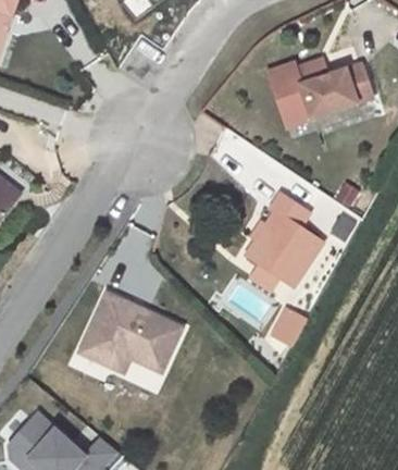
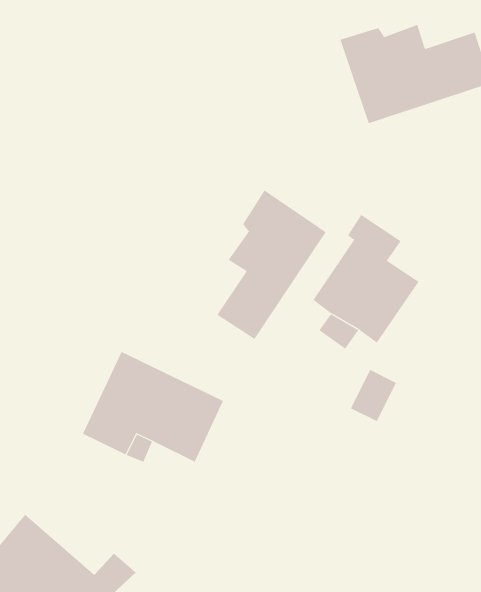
building: none -> [217,190,326,340]

